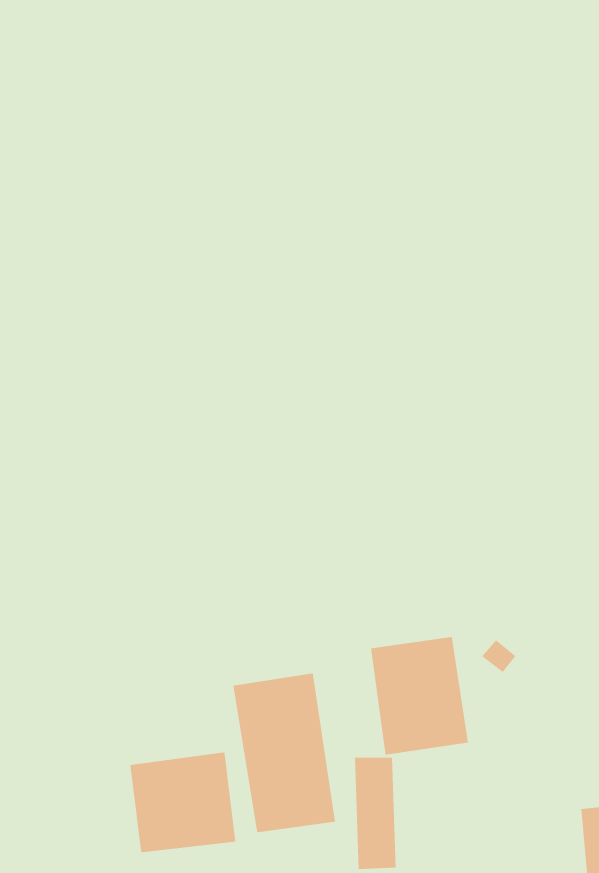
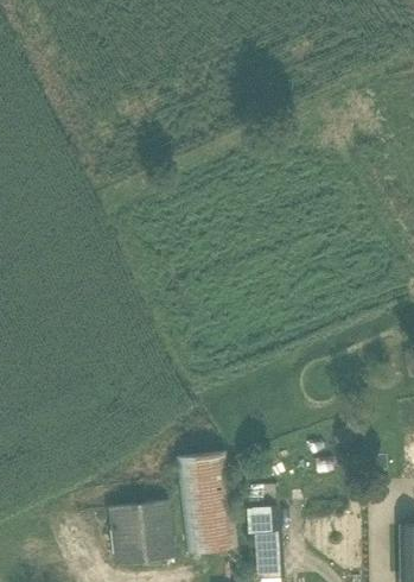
building: [370,636,469,755] -> none

